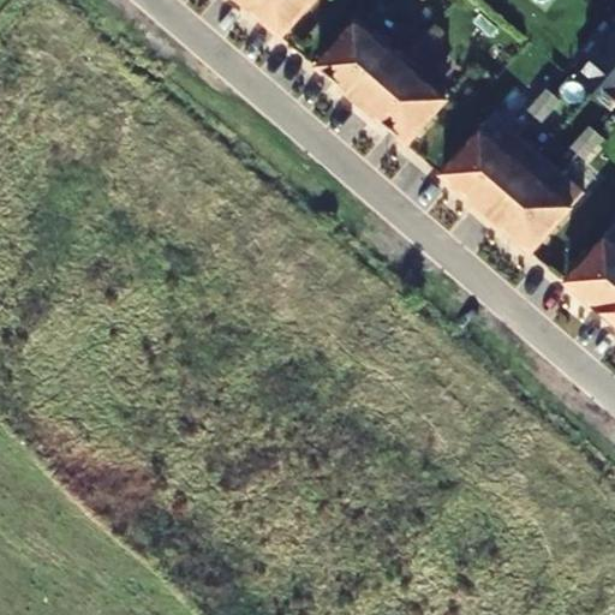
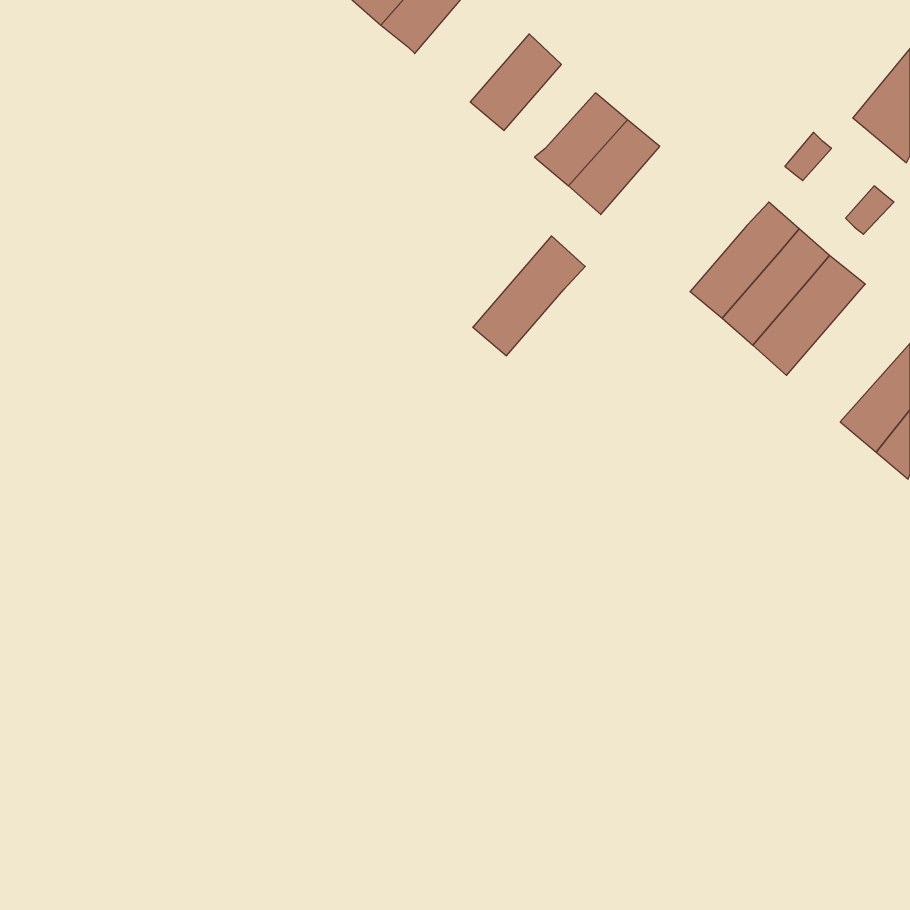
building: [339,43,400,106] -> none
building: [441,115,517,196] -> [473,236,585,356]

